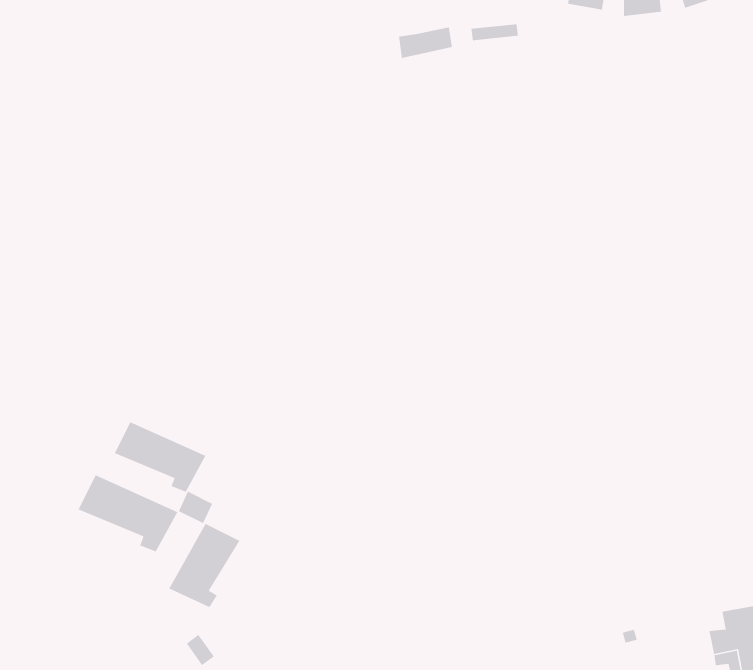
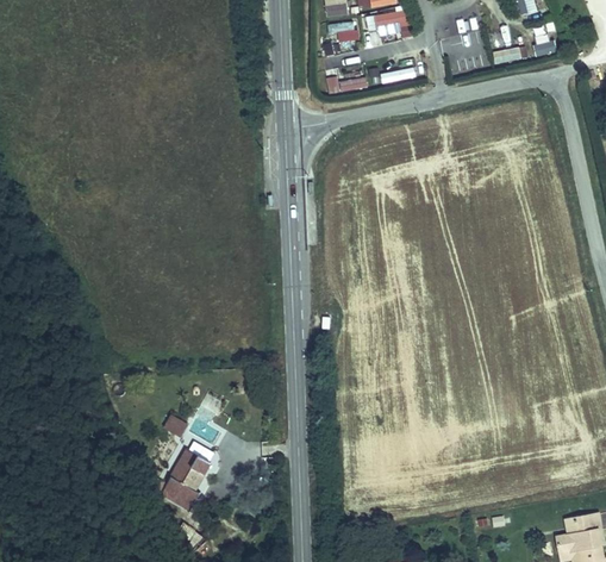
building: [114,421,206,493] -> none
building: [77,474,179,553] -> none

